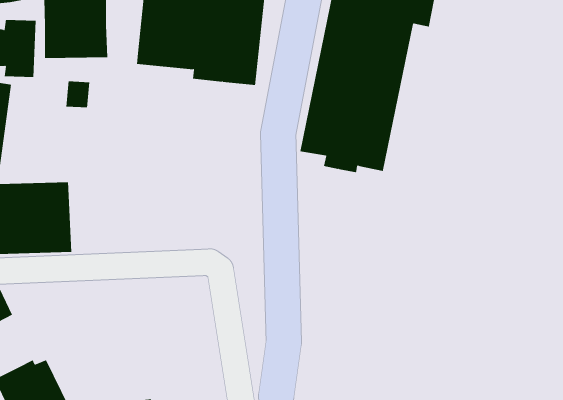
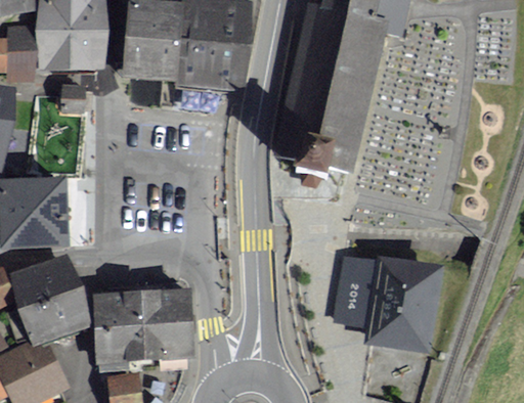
building: none -> [337,257,439,349]
building: none -> [10,258,88,345]
building: none -> [93,292,188,362]

